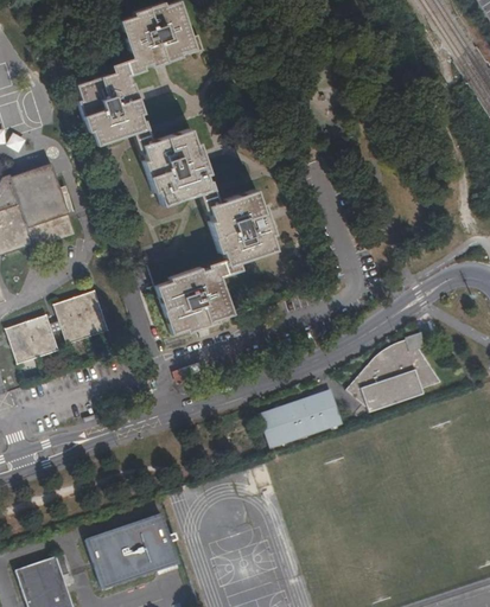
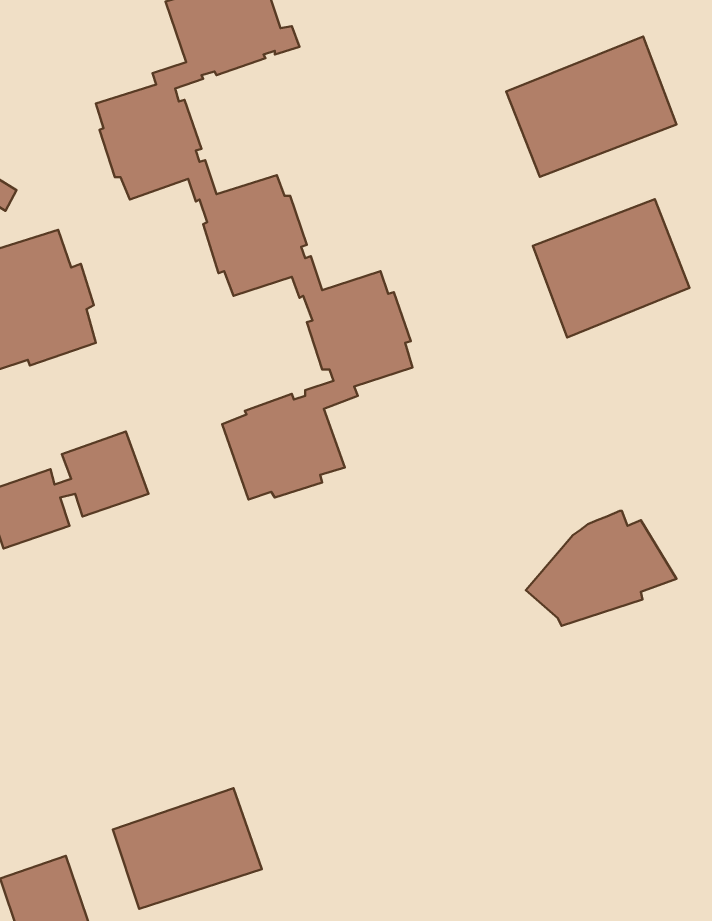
building: none -> [506,36,676,177]
building: none -> [533,199,690,337]
building: [255,390,343,449] -> none

